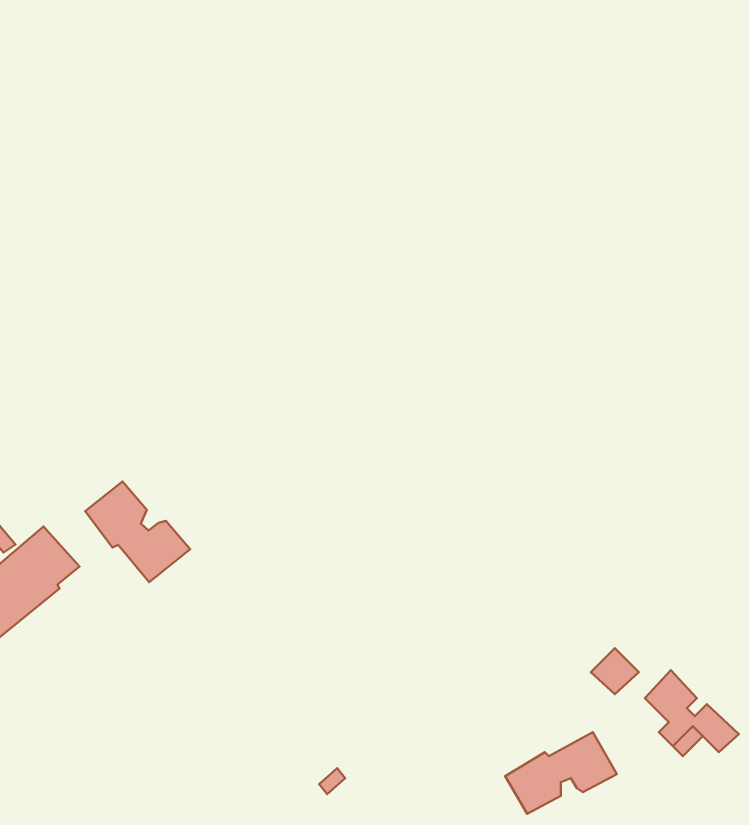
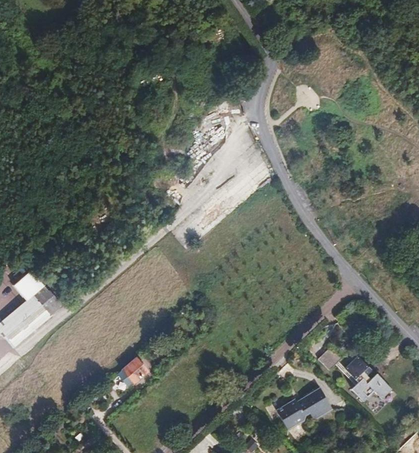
building: [85,481,190,582] -> none
building: none -> [115,355,147,386]

